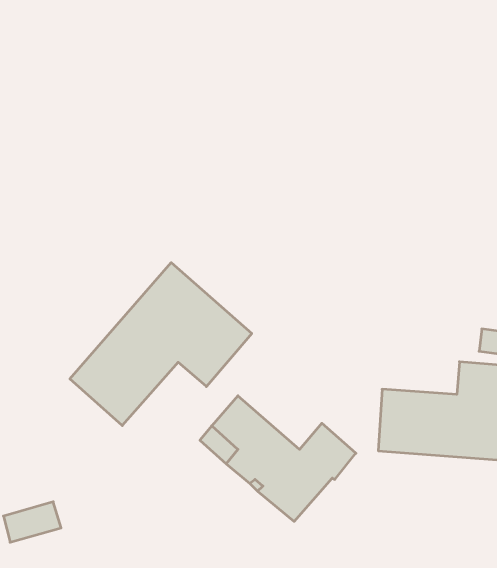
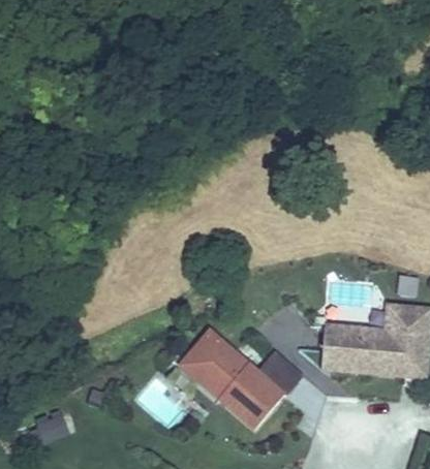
building: [70,263,252,426] -> none

